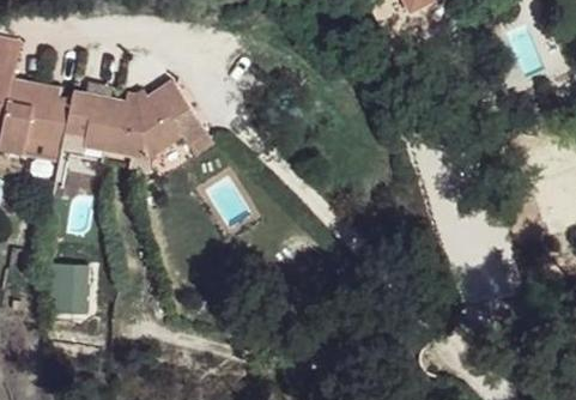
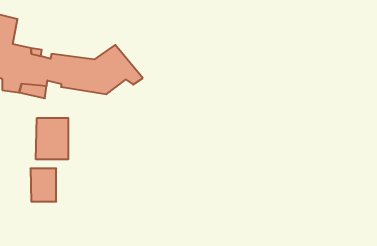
building: none -> [36,118,68,159]

